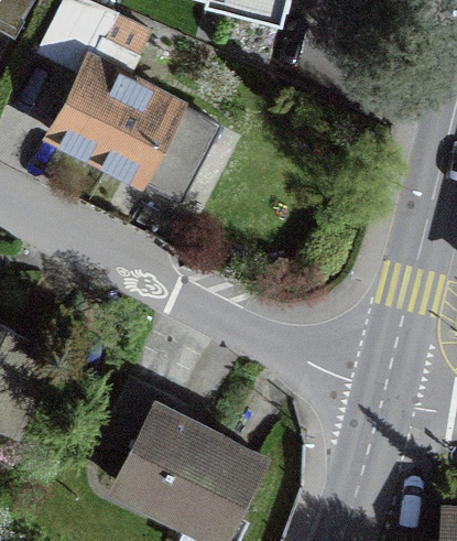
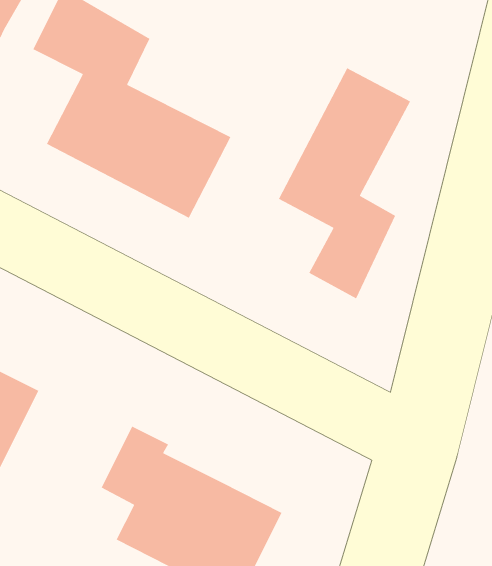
building: none -> [278,67,411,300]

